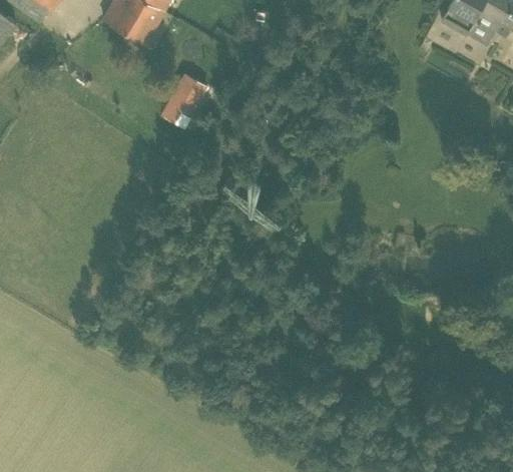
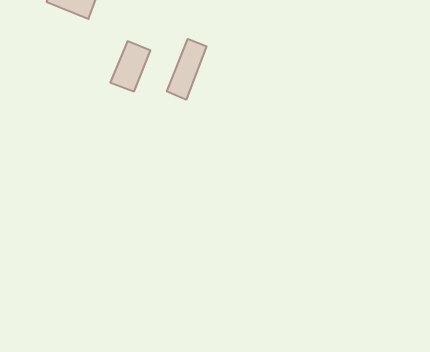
building: none -> [167,39,207,100]

